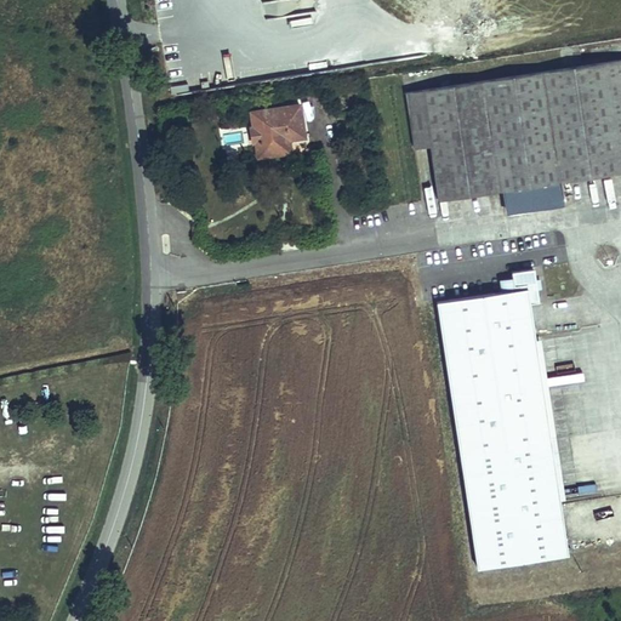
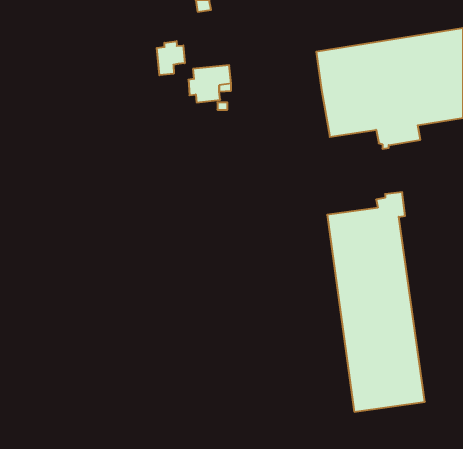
building: none -> [157,41,185,75]
building: [405,89,431,143] -> none

